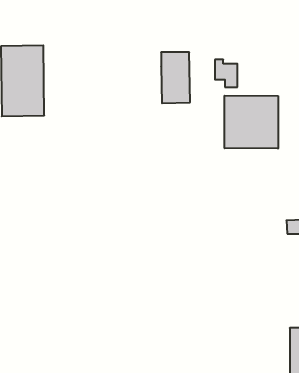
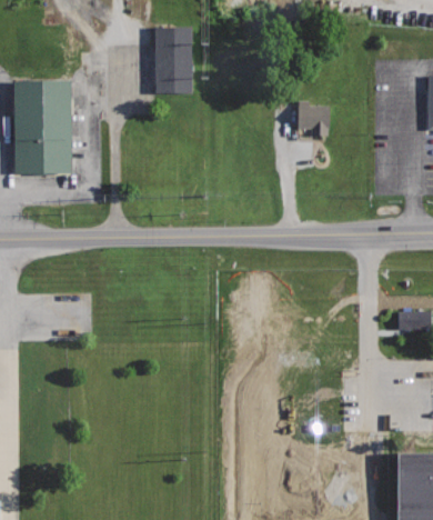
building: [161,52,190,103] -> [154,27,193,94]
building: [225,96,278,149] -> none

